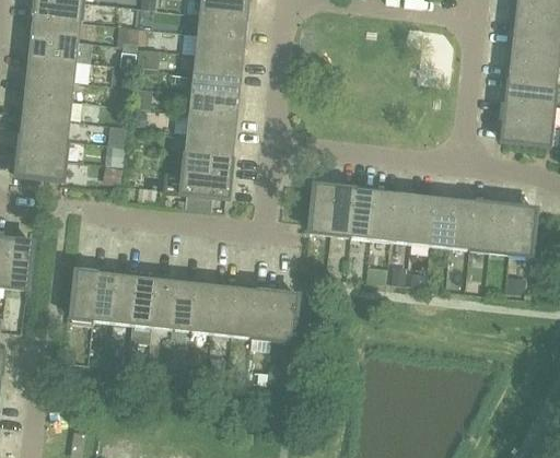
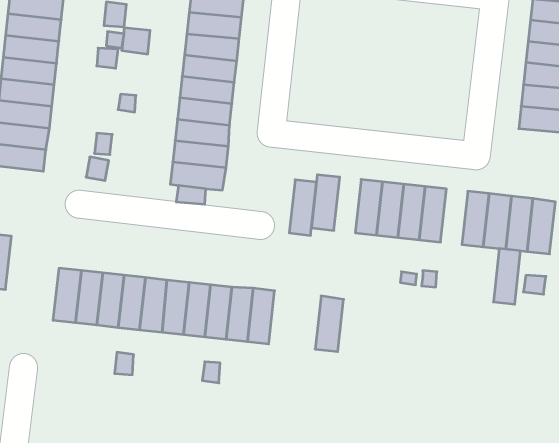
building: [330,185,355,236] -> [289,180,316,235]
building: [429,196,454,247] -> [493,249,521,304]
building: [270,290,296,341] -> [315,296,344,352]

